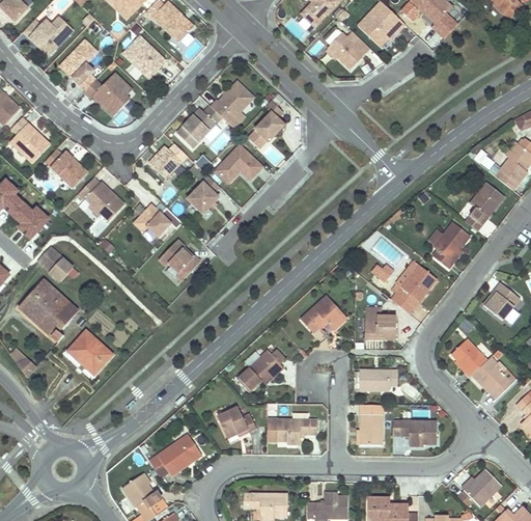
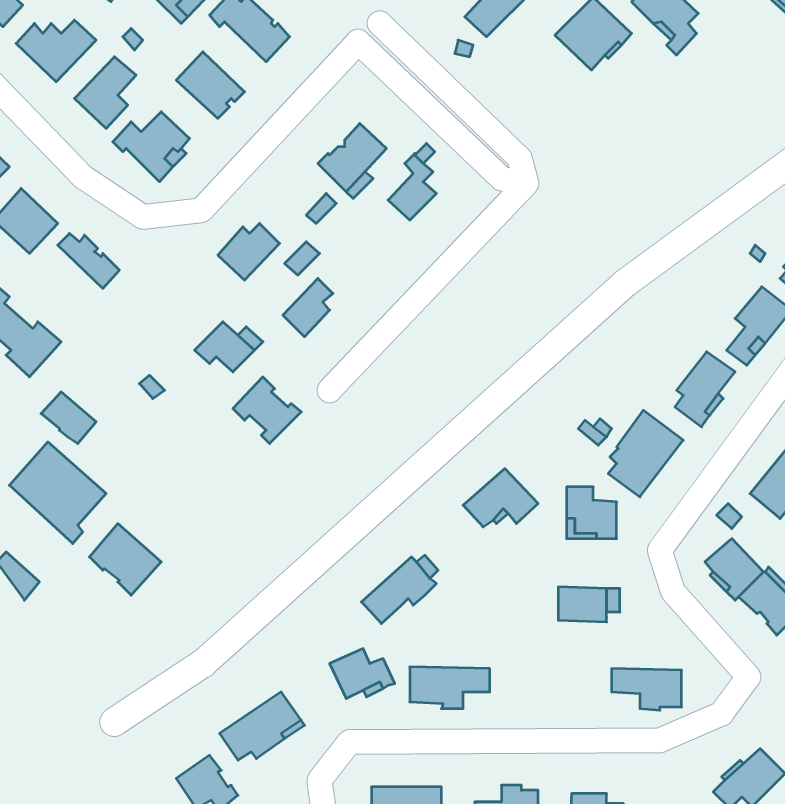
building: [328,33,371,70] -> none
building: [176,106,221,147] -> none
building: [213,142,262,182] -> none
building: [78,177,124,221] -> none
building: [360,405,384,445] -> none

